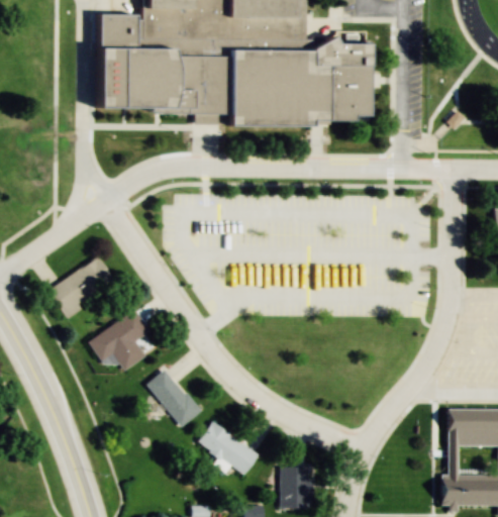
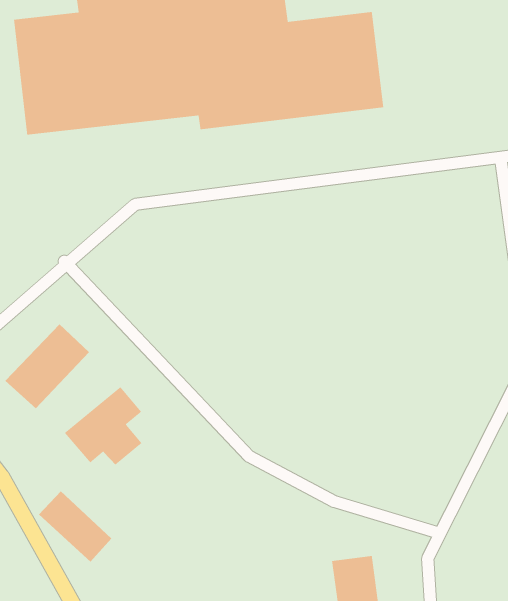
building: [147,369,202,427] -> [38,491,112,563]
building: [199,423,262,476] -> none

